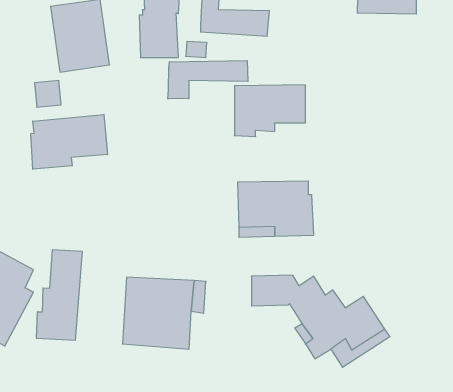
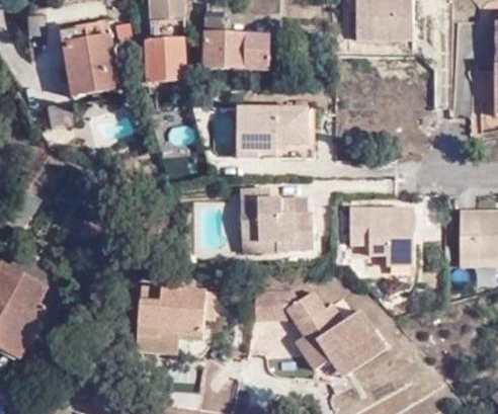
building: [168,61,248,99] -> none
building: none -> [275,106,313,156]
building: [31,114,107,169] -> none
building: none -> [349,208,413,264]
building: [36,250,82,340] -> none

